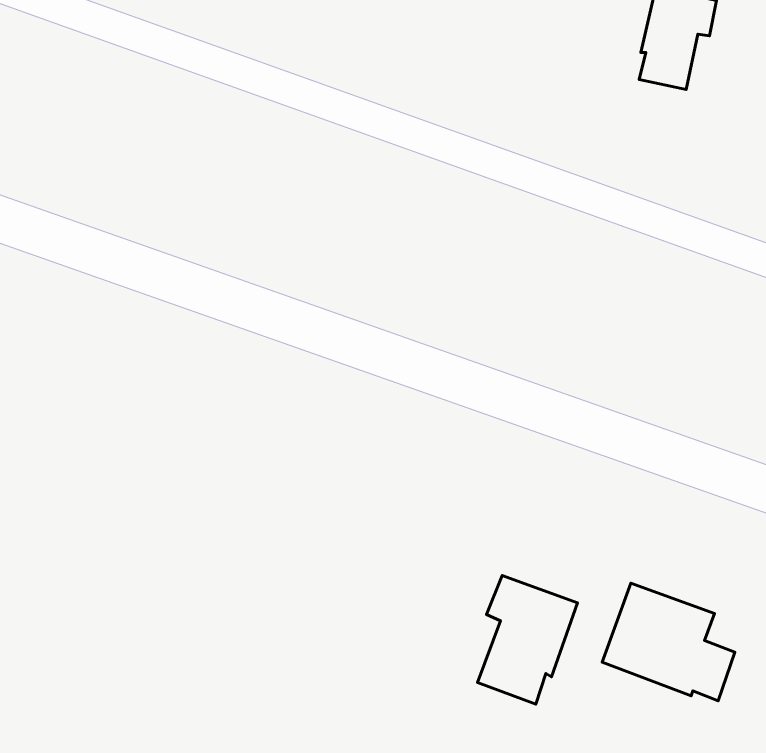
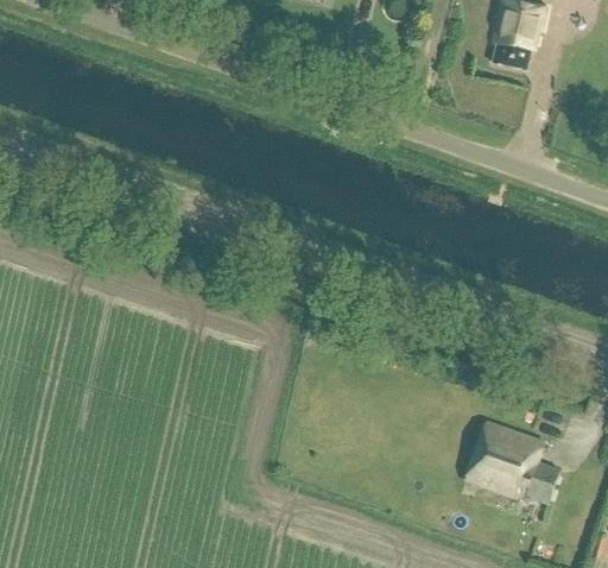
building: [477,576,577,704] -> none

